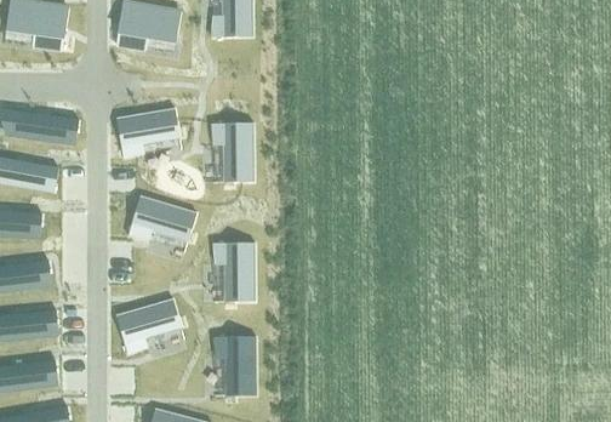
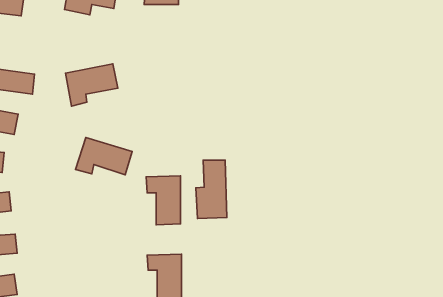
building: [210,122,252,181] -> none
building: none -> [196,160,227,218]
building: [116,298,181,354] -> none

